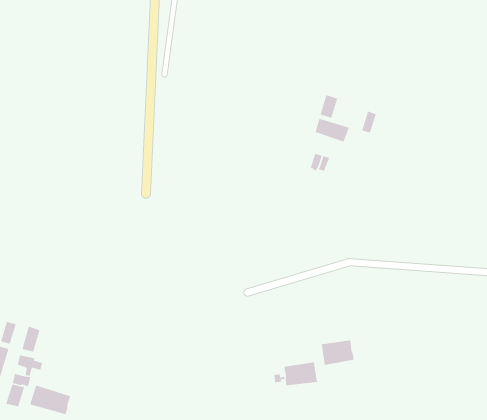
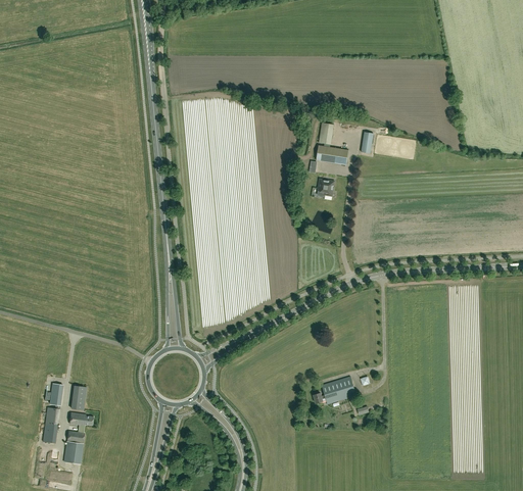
building: [321,339,355,366] -> none
building: [29,384,71,415] -> none

